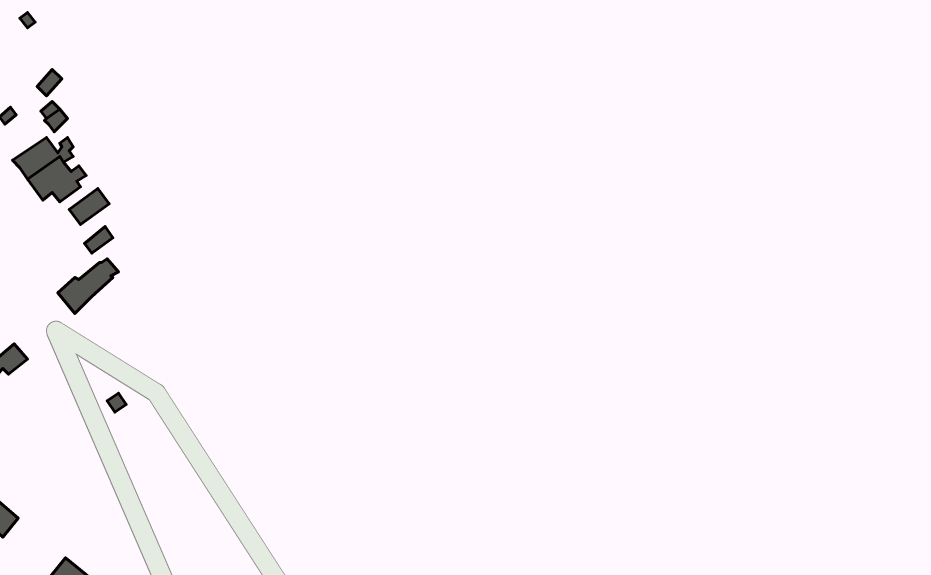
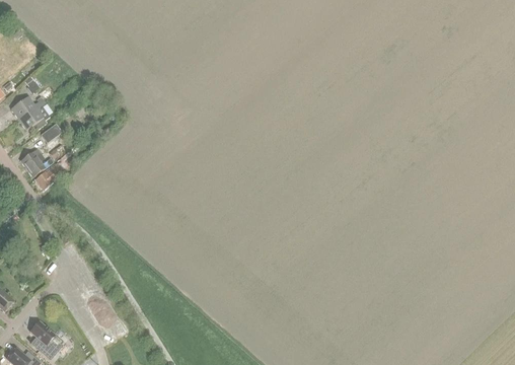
building: none -> [19,148,52,177]

